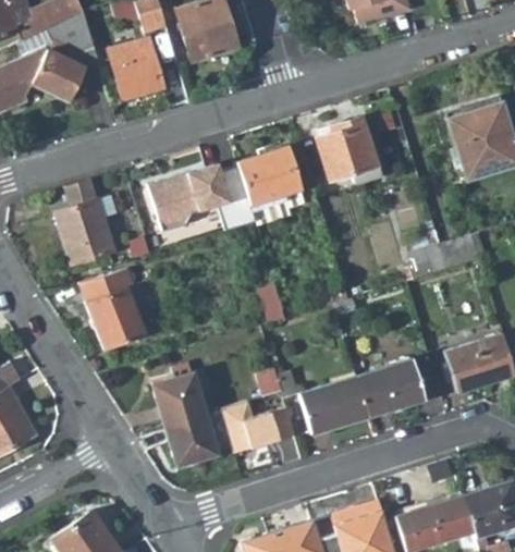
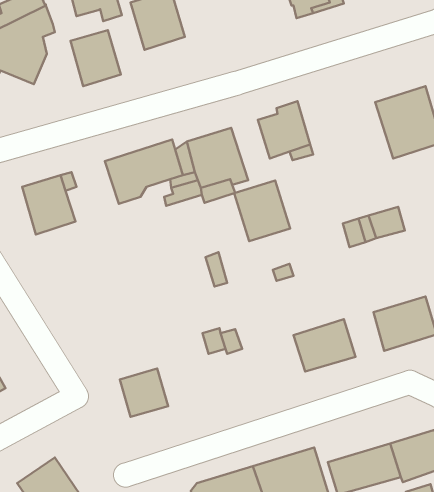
building: none -> [234,180,290,241]
building: [79,263,146,349] -> none
building: [152,364,206,425] -> none
building: [298,376,369,434] -> none
building: [221,402,295,453] -> none

